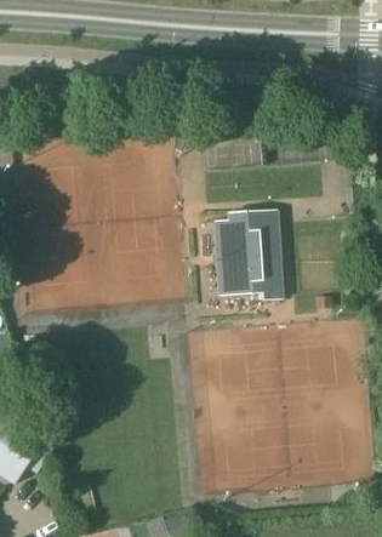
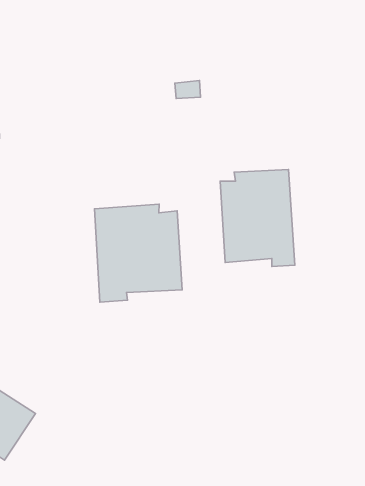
building: none -> [94,204,182,302]

